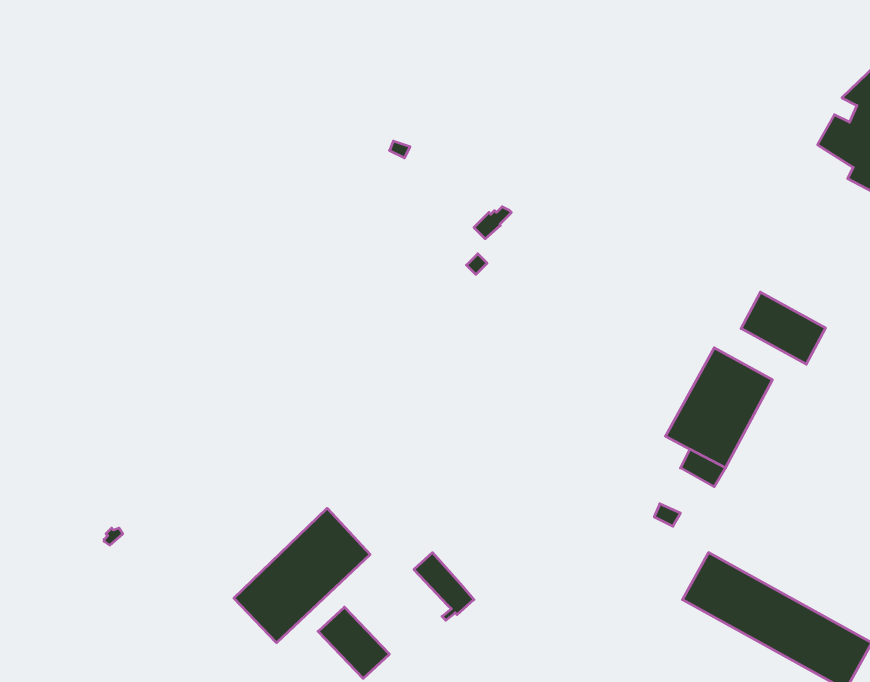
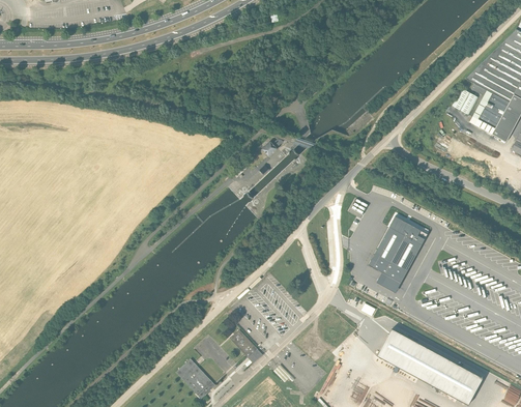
building: [741,292,825,364] -> none
building: [234,508,370,643] -> none

